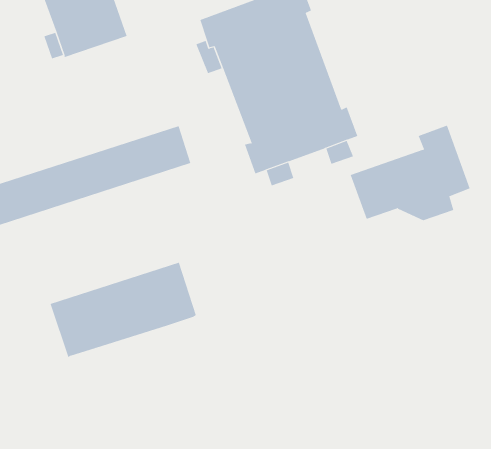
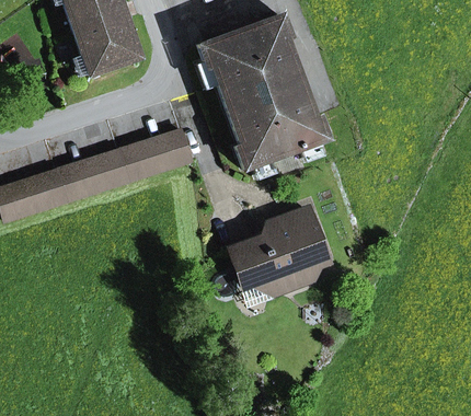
building: [350,125,471,221] -> [230,208,328,286]
building: [50,262,196,358] -> none

